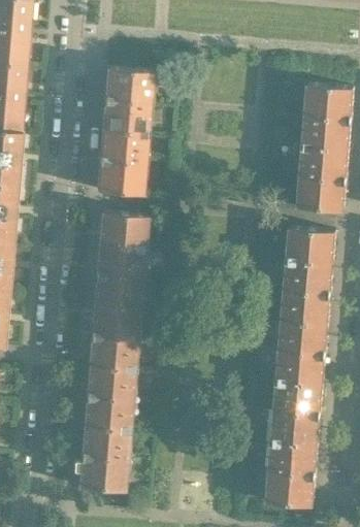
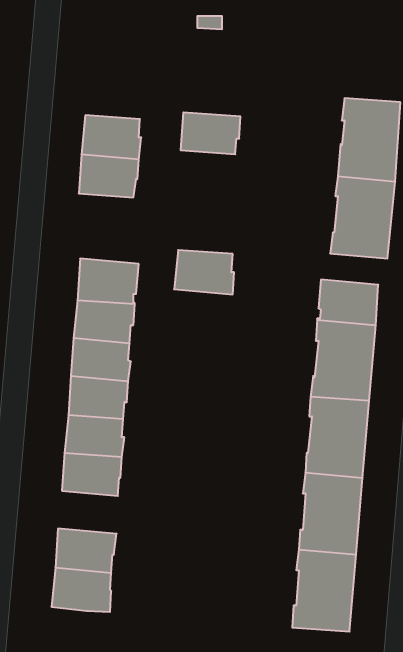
building: [104,69,152,102] -> [181,112,240,154]
building: [96,161,143,196] -> [174,250,234,294]
building: [83,396,130,430] -> none

